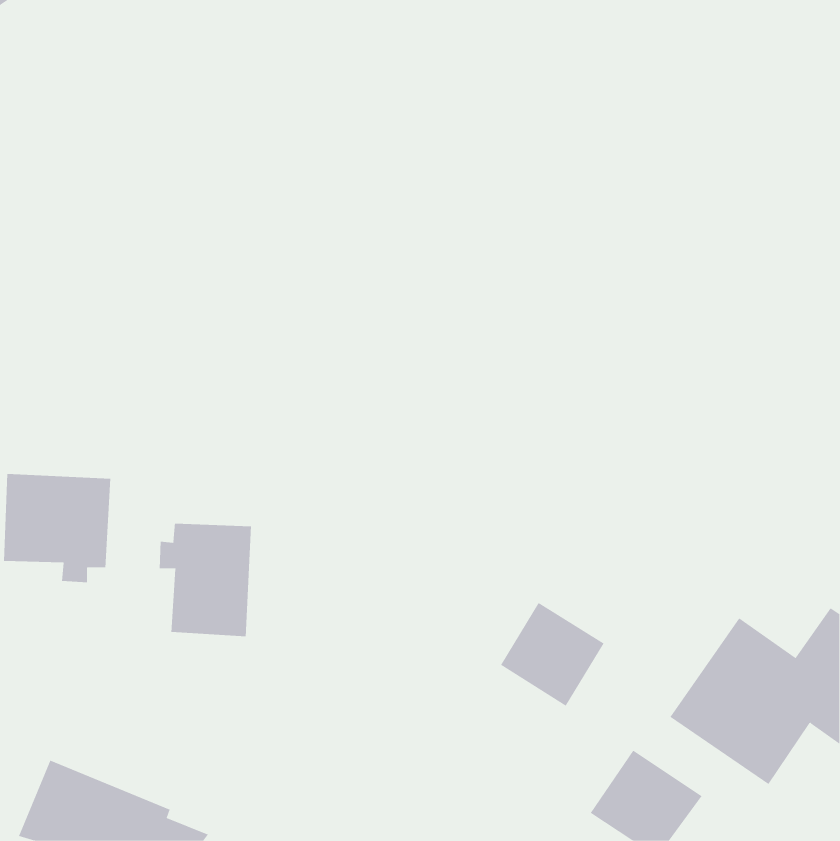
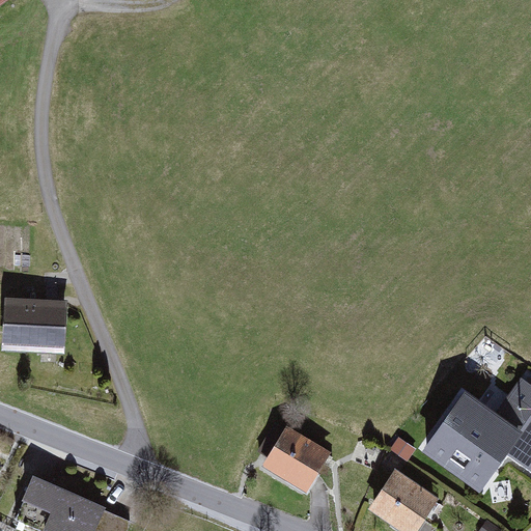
building: [159,523,252,637] -> none
building: [500,602,604,706] -> [264,427,330,493]

